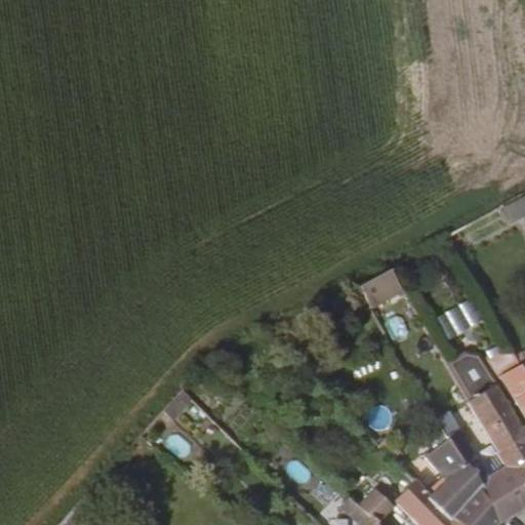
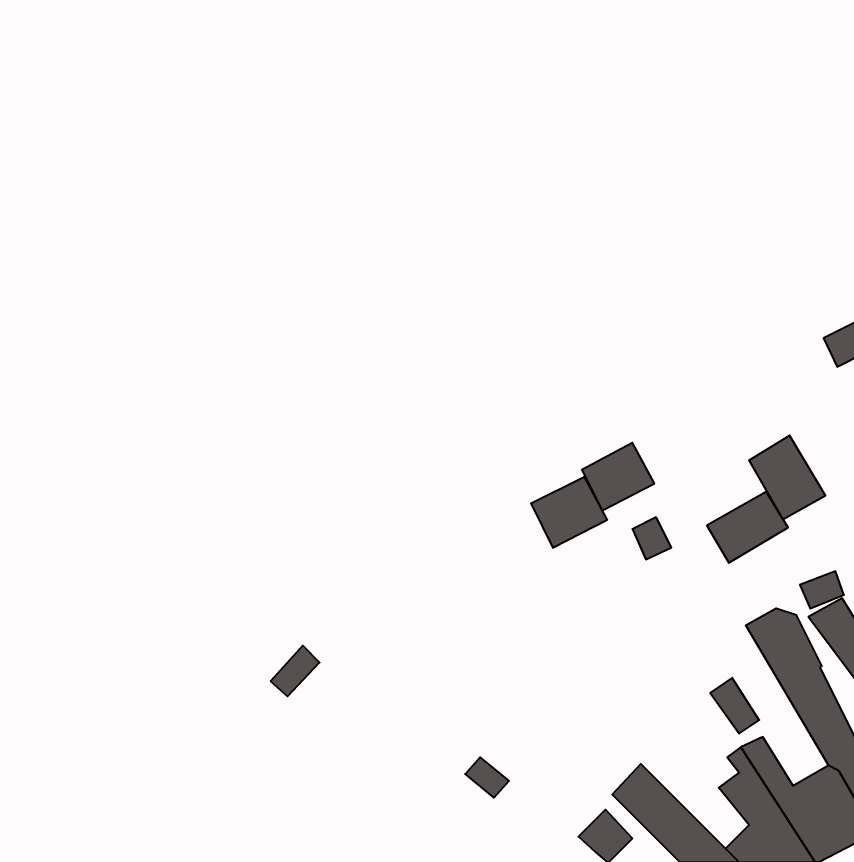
building: none -> [749,435,825,519]
building: none -> [531,477,607,548]

